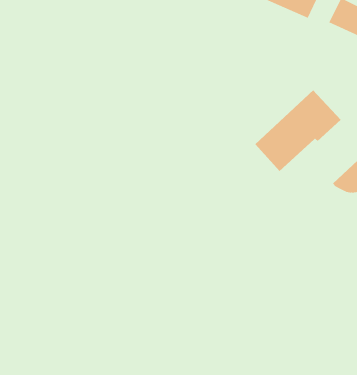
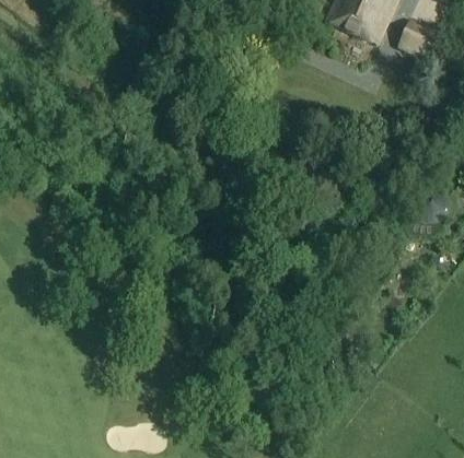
building: [255,89,341,172] -> none

